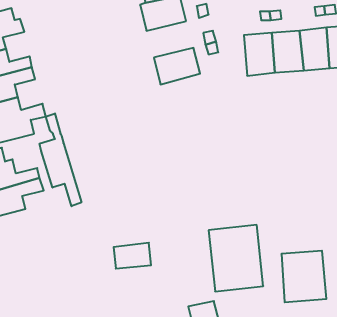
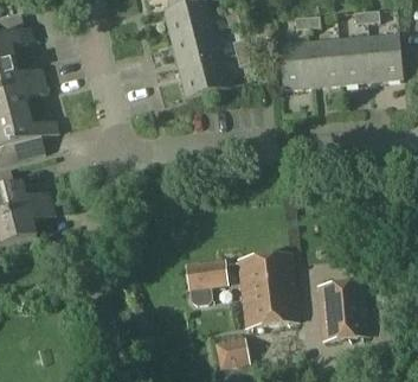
building: none -> [171,28,223,69]
building: [40,113,81,206] -> none
building: [114,243,151,269] -> [187,260,229,288]

